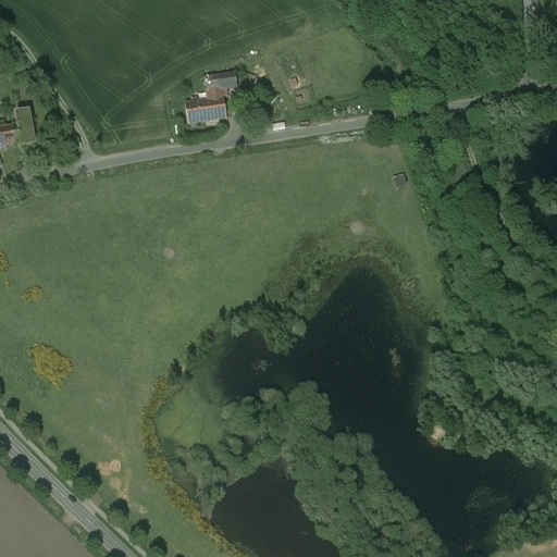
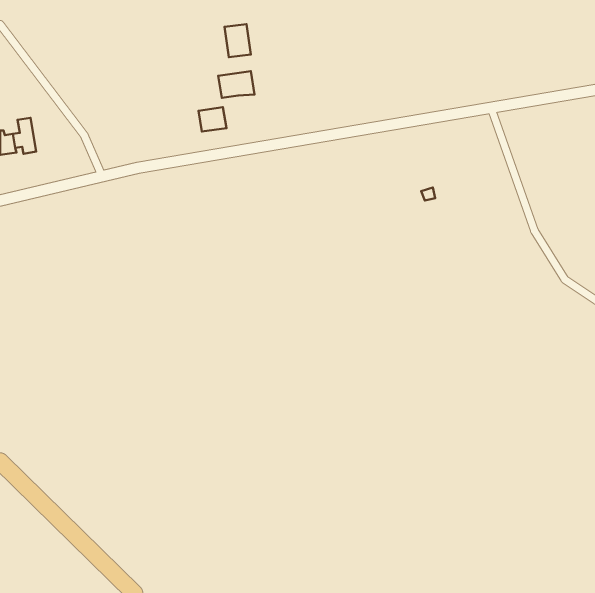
building: none -> [224,24,251,57]
building: [208,89,227,120] -> none

